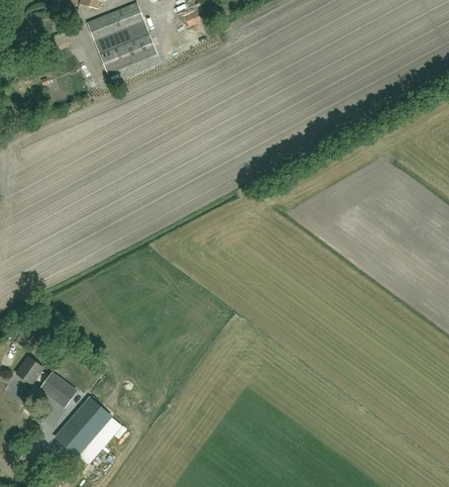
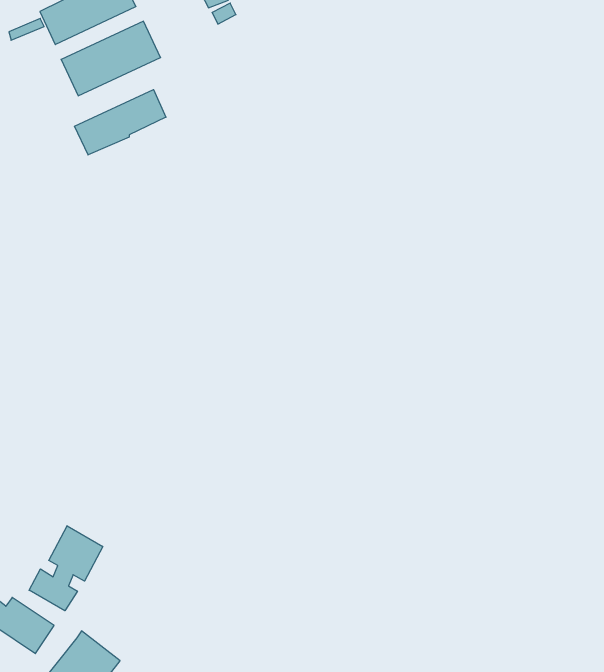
building: none -> [75,90,166,155]
building: none -> [29,526,103,611]

